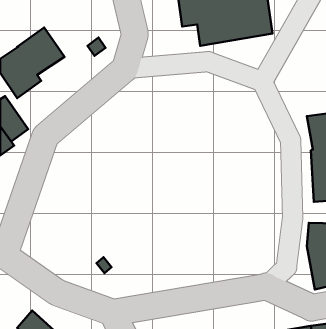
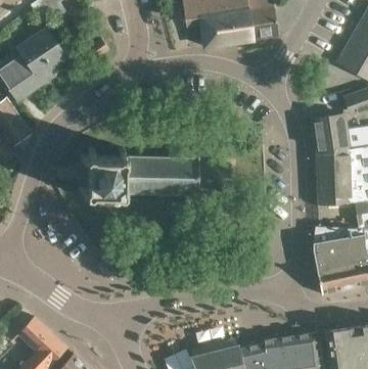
building: none -> [80,149,231,201]

